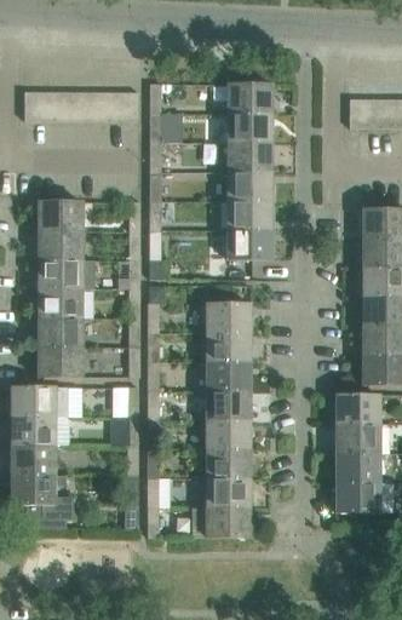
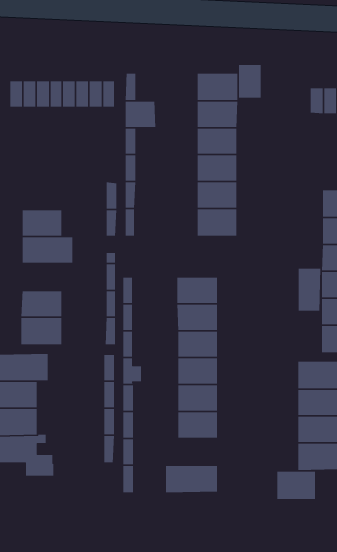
building: none -> [238,64,261,99]
building: [39,200,82,230] -> none
building: [39,288,82,317] -> none
building: none -> [298,268,321,311]
building: [207,477,251,506] -> none
building: none -> [277,471,316,500]

